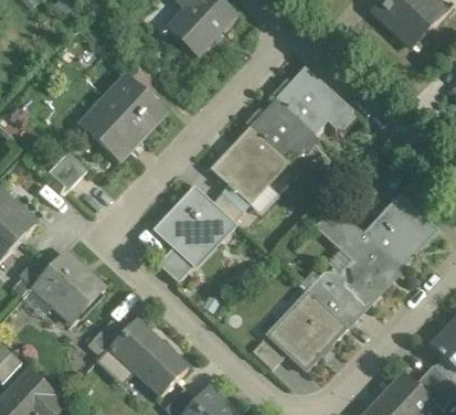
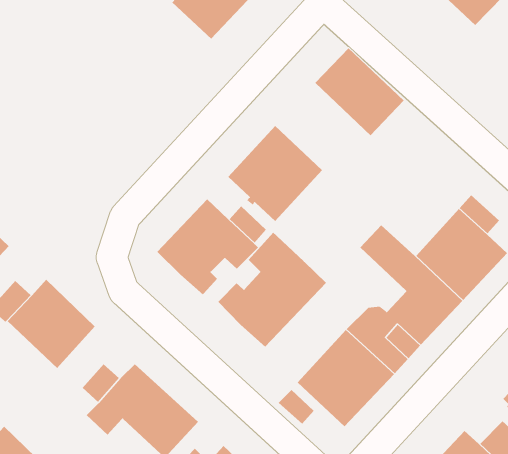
building: [79,74,166,160] -> none
building: [253,92,327,166] -> none
building: [49,151,86,189] -> none
building: none -> [218,232,327,348]
building: [158,247,193,281] -> none

